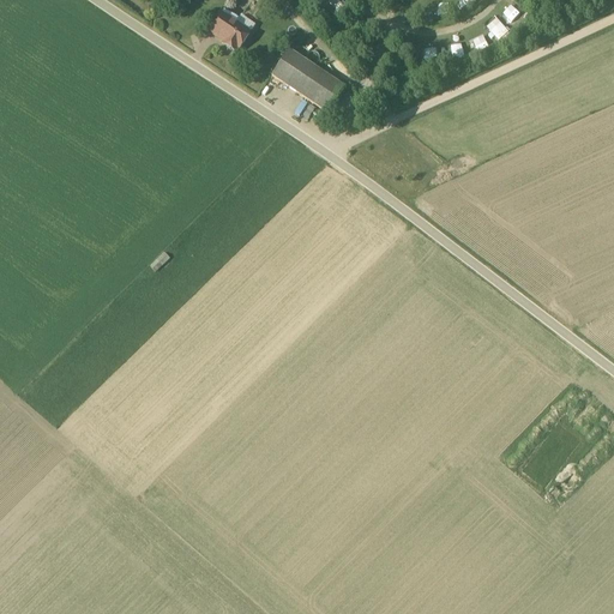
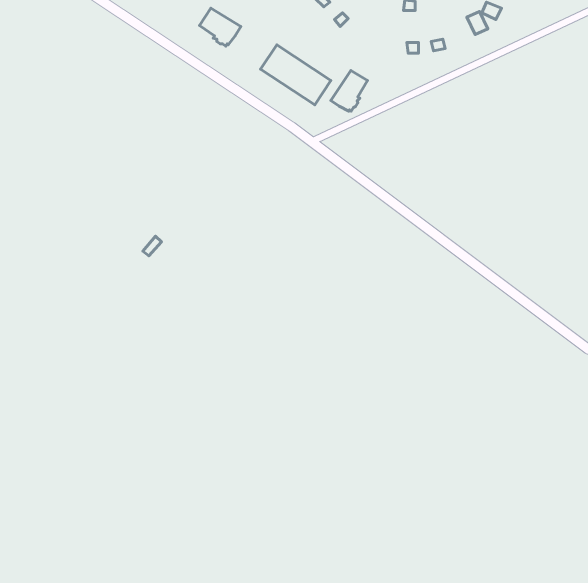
building: none -> [331,70,368,111]

